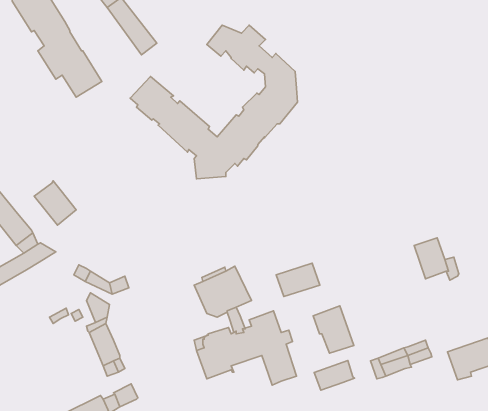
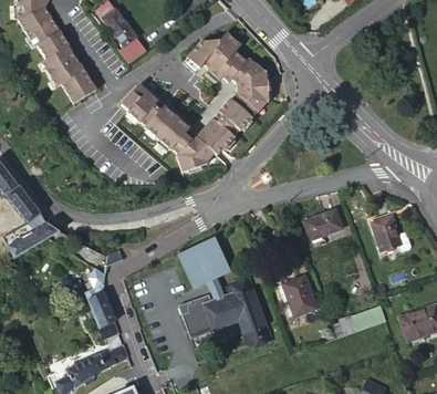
building: [34,181,76,225] -> none
building: [276,263,320,297] -> [302,212,340,241]
building: [314,361,354,390] -> none

